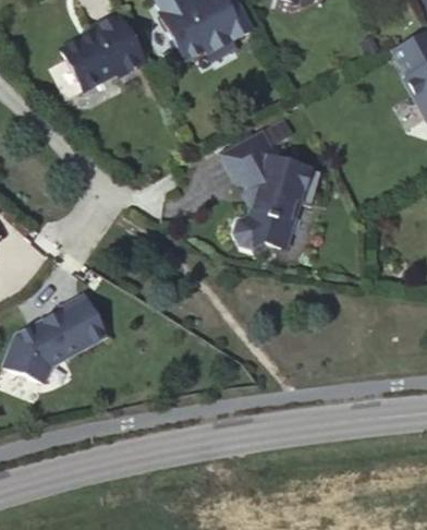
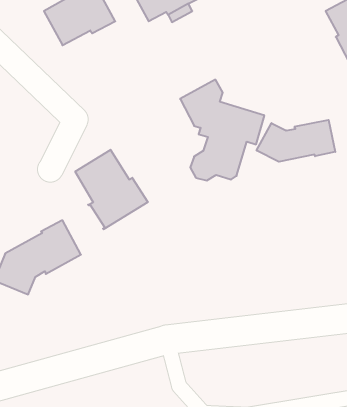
building: none -> [257,120,335,162]
building: none -> [75,150,148,229]

